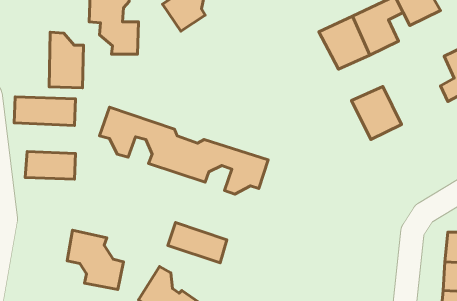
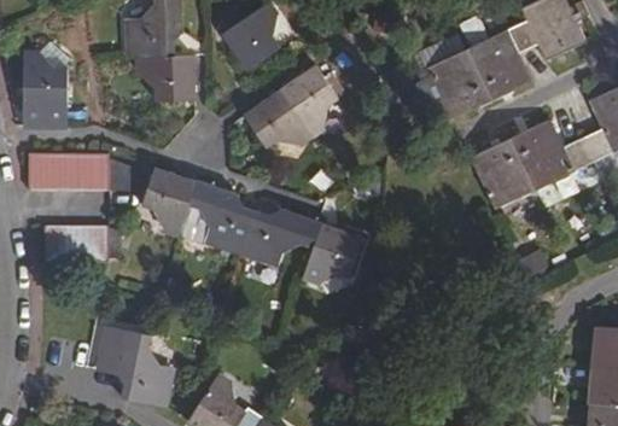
building: none -> [245,64,338,145]
building: [49,32,83,88] -> [22,51,66,123]
building: none -> [511,119,595,189]
building: [168,223,227,263] -> none

